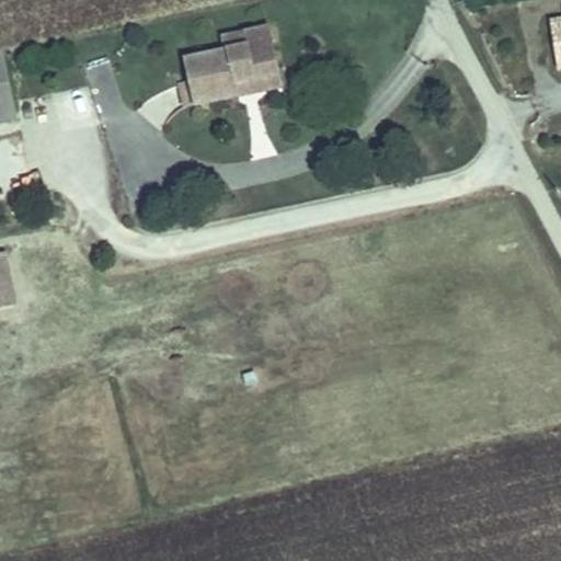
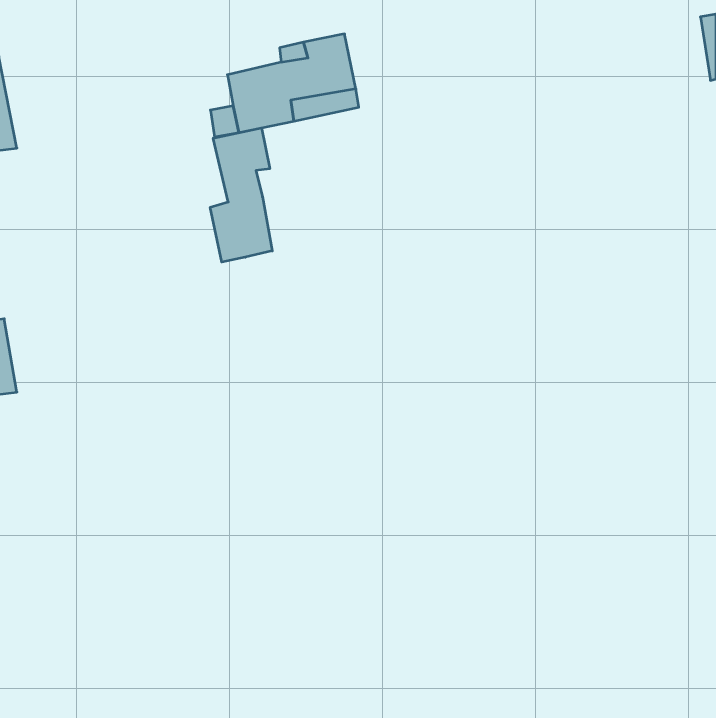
building: none -> [210,128,272,262]

